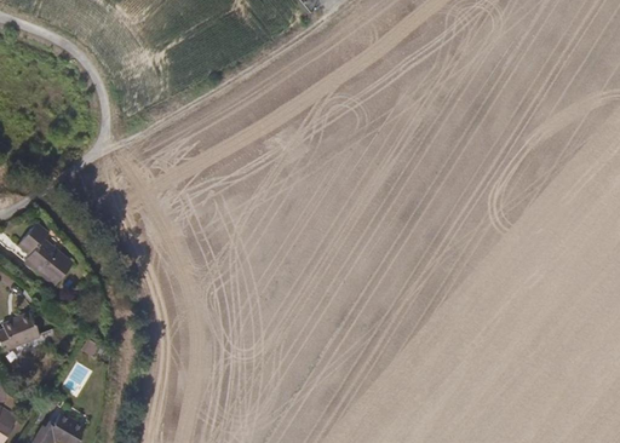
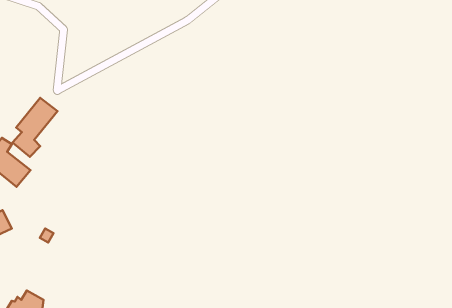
building: none -> [12,98,58,157]

